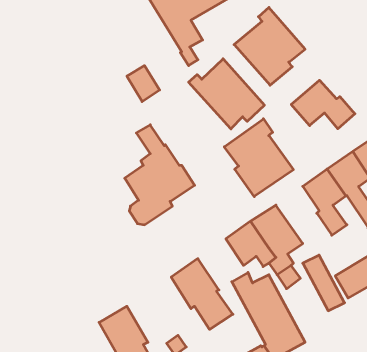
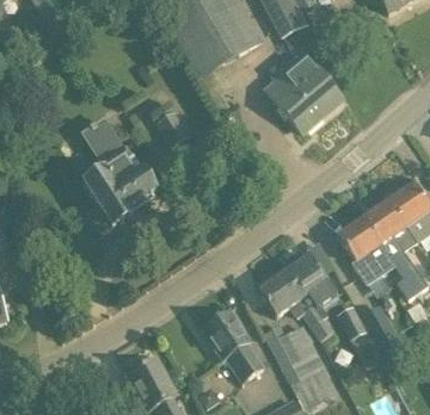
building: [189,59,264,129] -> none
building: [291,80,355,129] -> none
building: [224,119,293,197] -> none
building: [125,125,195,225] -> [84,128,155,230]

